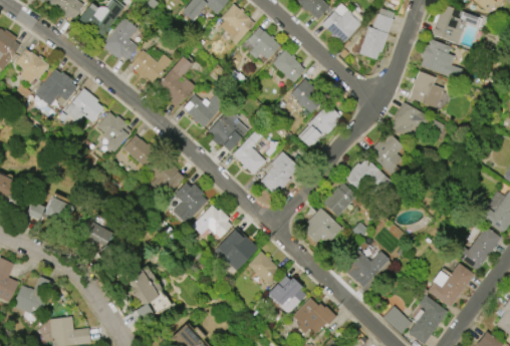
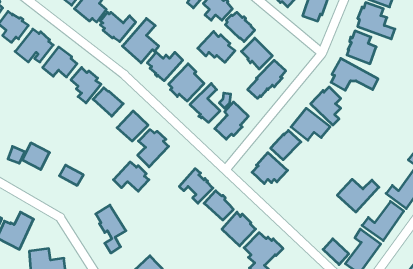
building: none -> [198,31,235,62]
building: [193,205,233,238] -> [113,162,149,191]
building: [341,250,389,287] -> [337,179,379,212]

